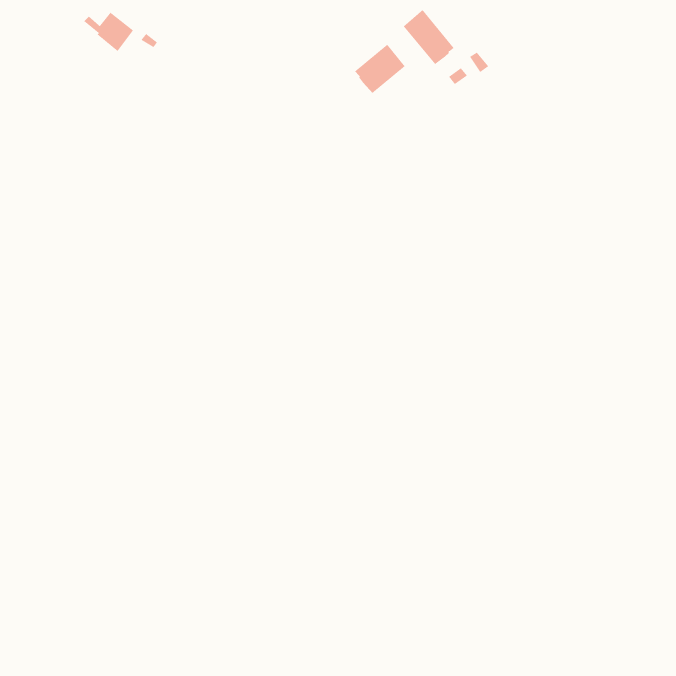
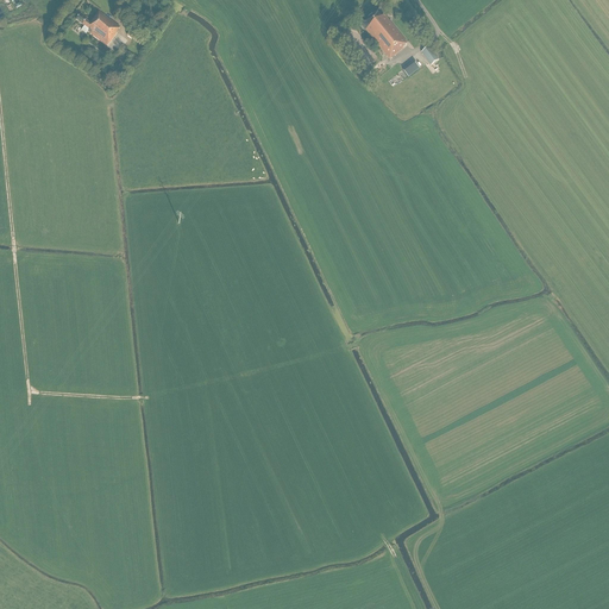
building: [354,44,405,94] -> none

